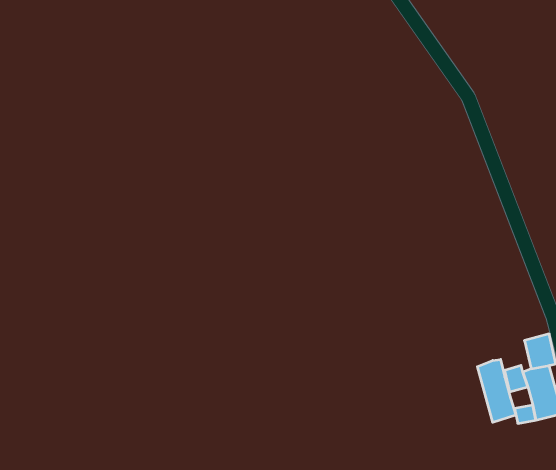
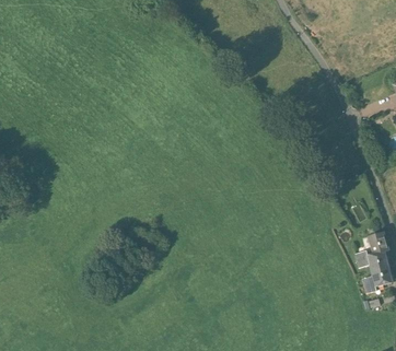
building: [477,359,516,422] -> none

